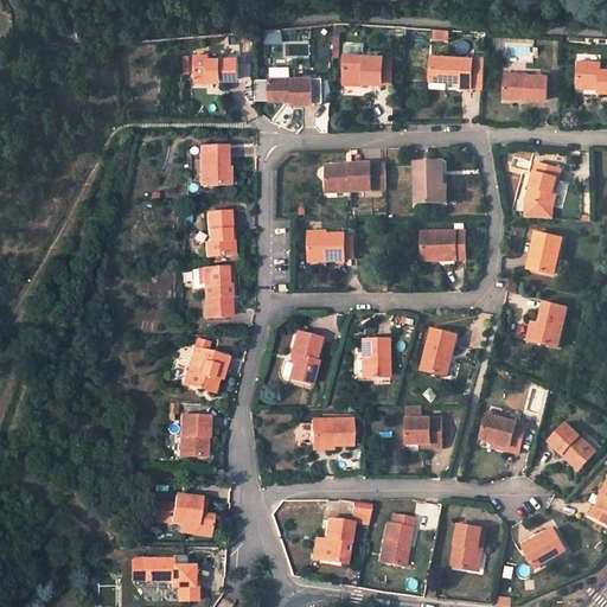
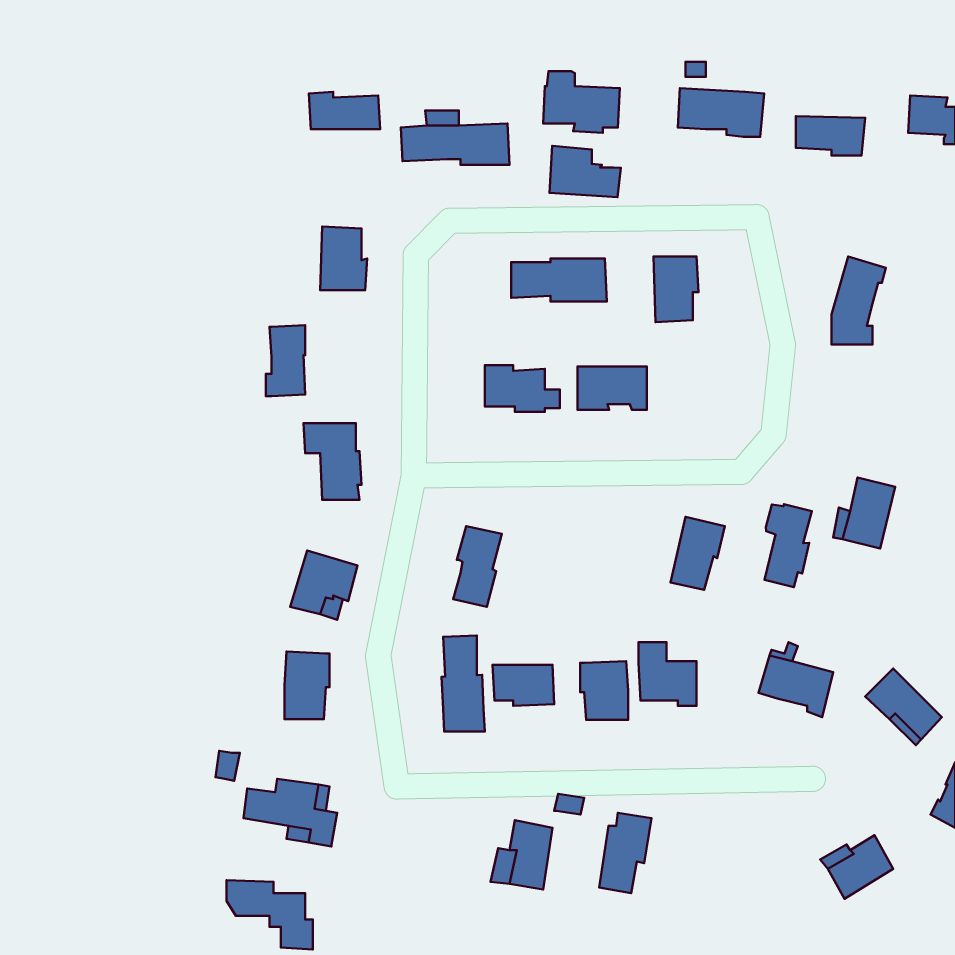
building: none -> [549,146,621,197]
building: [204,210,229,255] -> [266,325,305,396]
building: [421,232,465,260] -> [577,367,647,410]
building: [530,232,562,274] -> none
building: none -> [764,504,812,587]
building: [359,339,385,377] -> none
building: none -> [442,635,485,732]
building: none -> [580,661,628,720]
building: [451,525,481,569] -> none

